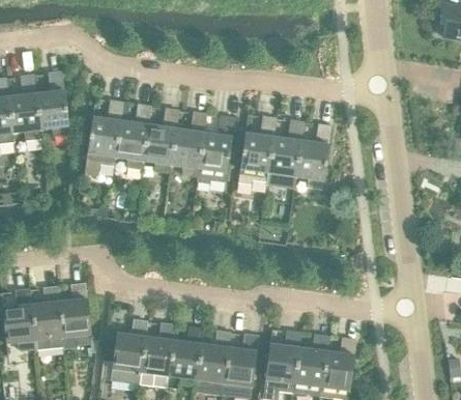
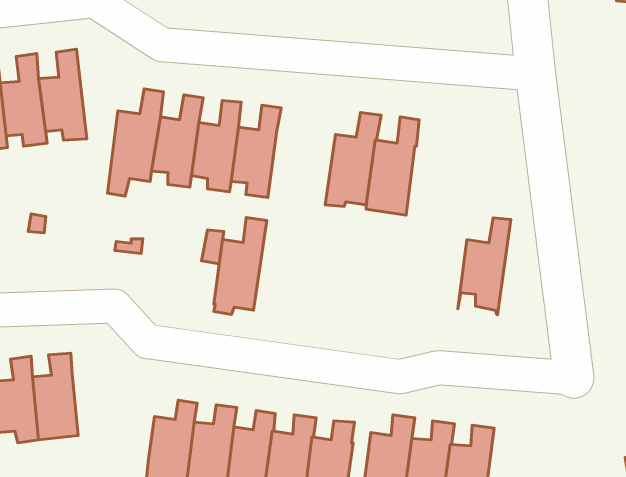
building: [197,115,234,183] -> [214,217,267,314]
building: [294,124,332,193] -> [458,218,511,315]
building: [59,282,92,349] -> none

